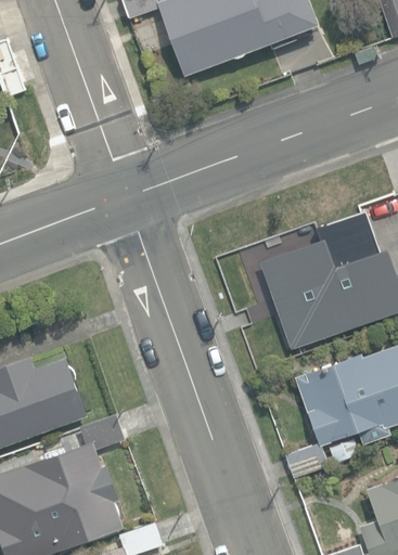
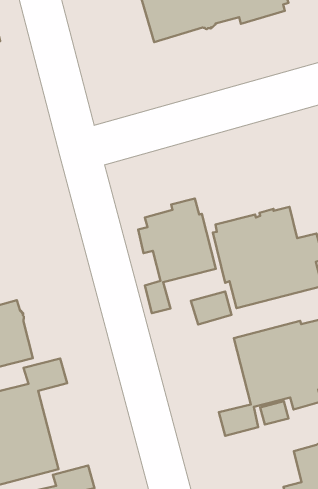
building: none -> [138,199,216,313]

